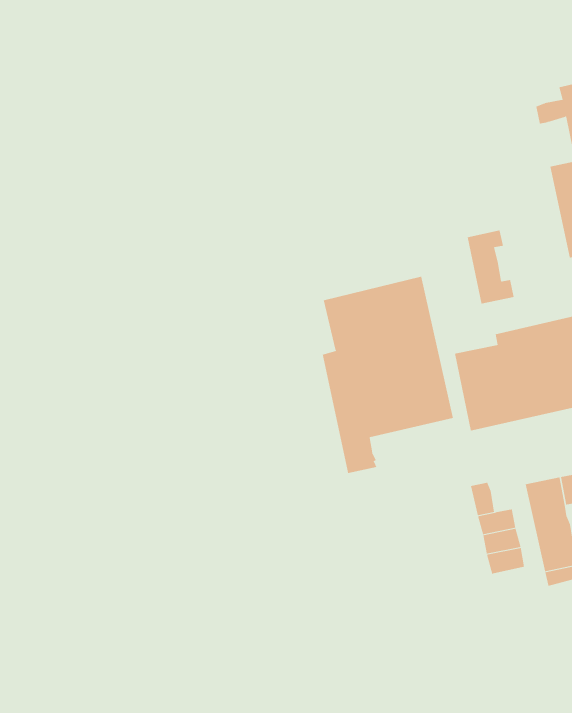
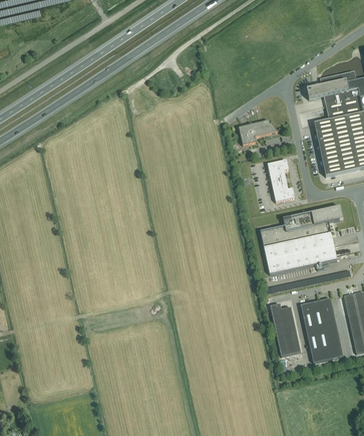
building: none -> [239,120,277,145]
building: [322,276,454,474] -> none

